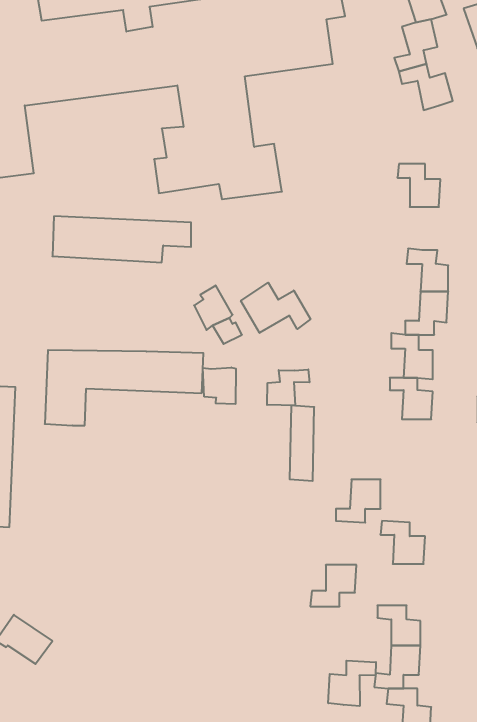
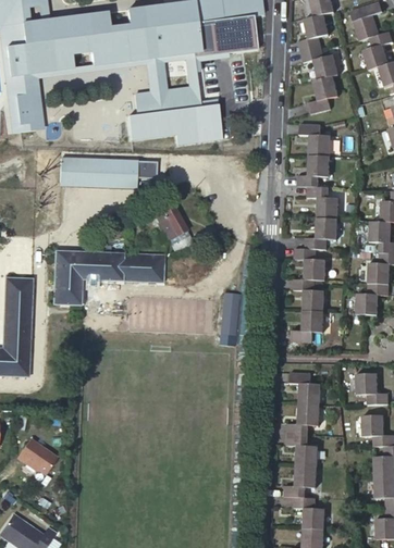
building: none -> [305,79,335,114]
building: none -> [298,151,330,182]
building: [241,283,310,333] -> none
building: [203,367,236,404] -> none
building: [267,369,309,406] -> none
building: [336,479,381,523] -> [293,301,324,332]
building: [310,565,356,606] -> [286,403,319,433]
building: [328,661,376,706] -> none

